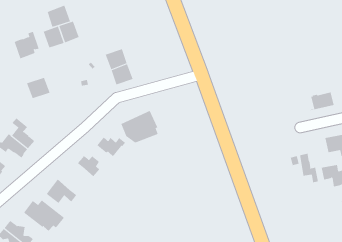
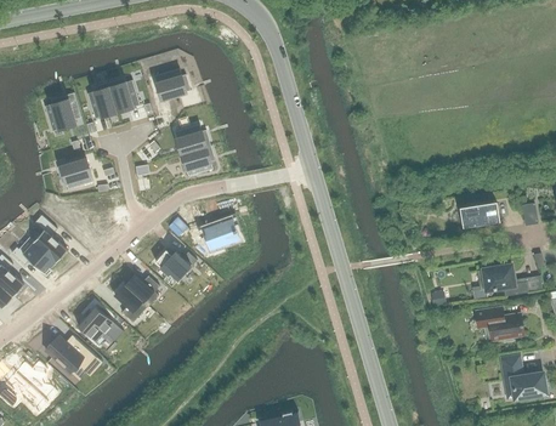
building: [47,5,71,28] -> [154,67,188,98]
building: [299,153,318,183] -> none
building: none -> [112,284,147,322]

